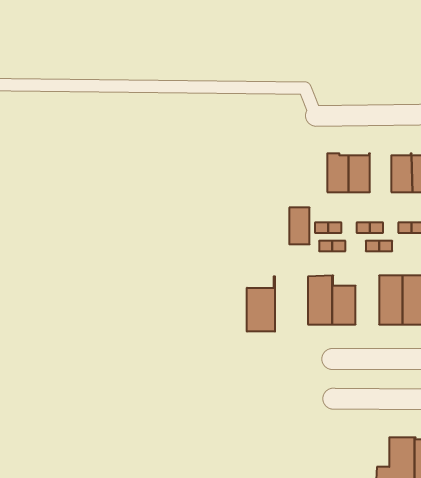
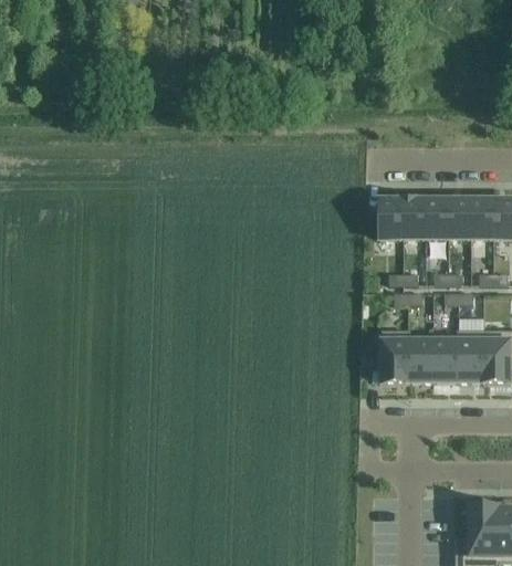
building: none -> [447,196,470,238]
building: [289,208,310,244] -> [378,198,400,238]
building: none -> [431,328,457,381]
building: [247,276,275,332] -> none

